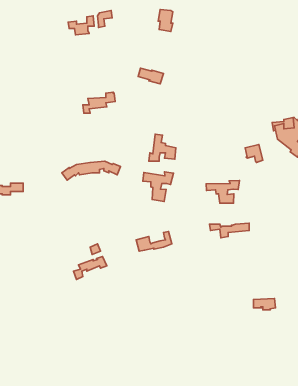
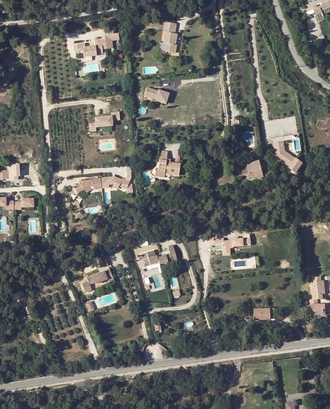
building: [143,172,173,201] -> none
building: [206,181,239,203] -> none

